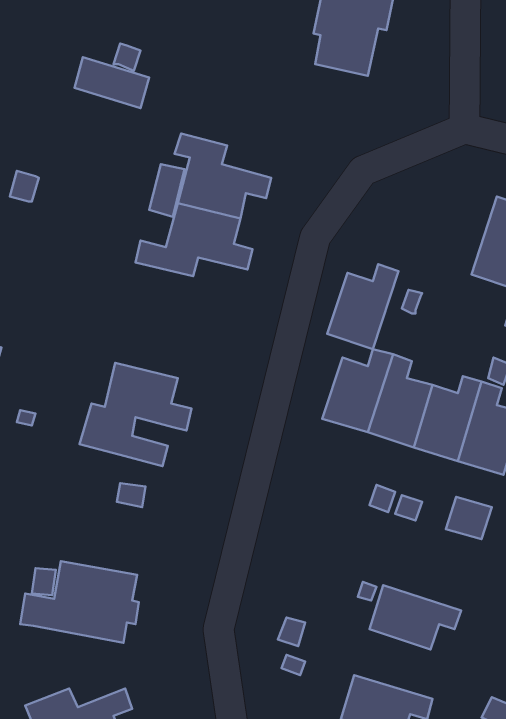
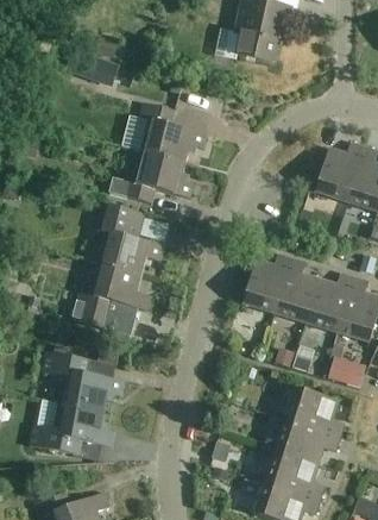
building: [327,264,398,349] -> [314,140,364,200]
building: none -> [95,201,163,272]
building: none -> [43,351,122,411]
building: none -> [284,386,344,436]
building: none -> [264,449,323,497]

